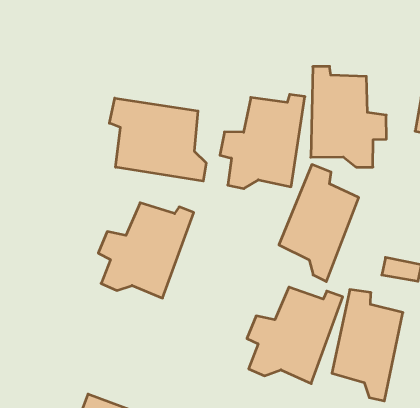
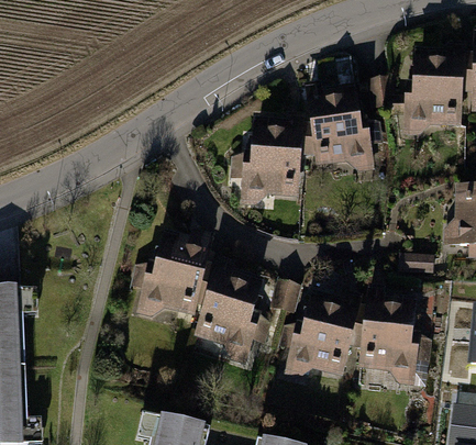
building: [109,98,206,181] -> none
building: [279,165,359,282] -> [198,258,265,364]

